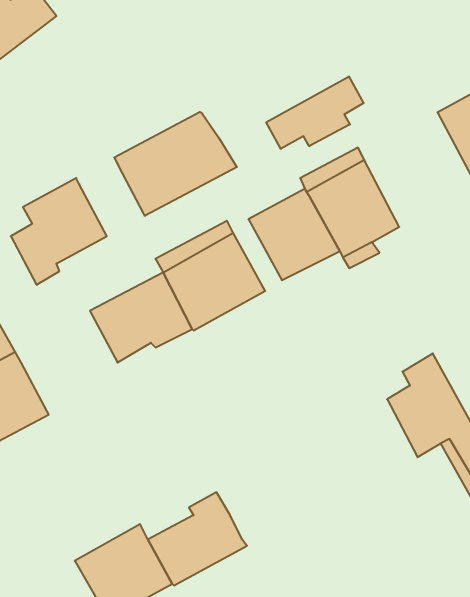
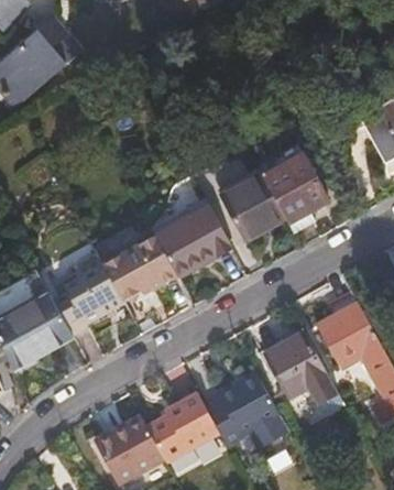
building: [266,76,364,149] -> none
building: [114,112,237,216] -> none
building: [11,178,107,285] -> [55,258,124,335]
building: none -> [264,334,336,401]
building: none -> [206,373,280,445]

